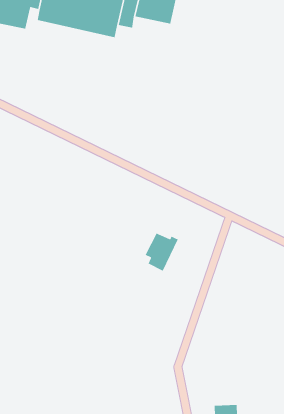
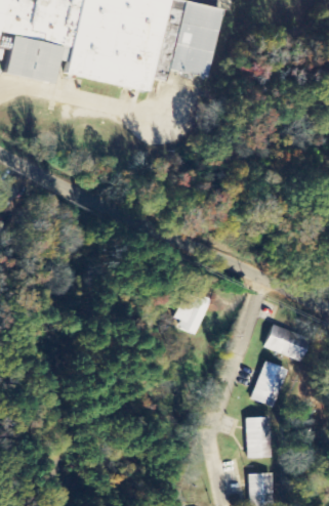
building: none -> [262,323,310,361]
building: none -> [250,361,287,407]
building: none -> [245,416,272,458]

